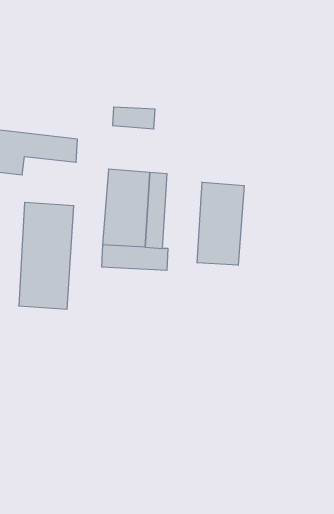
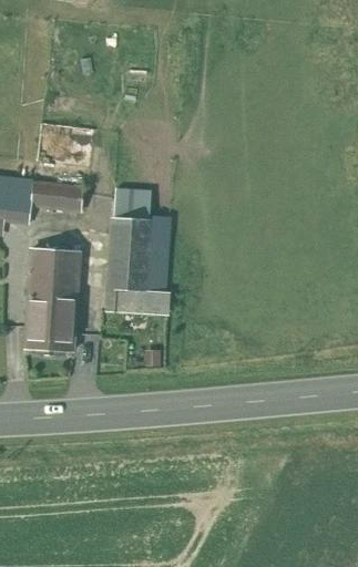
building: [113,107,155,129] -> [112,198,153,219]
building: [197,182,244,265] -> none

